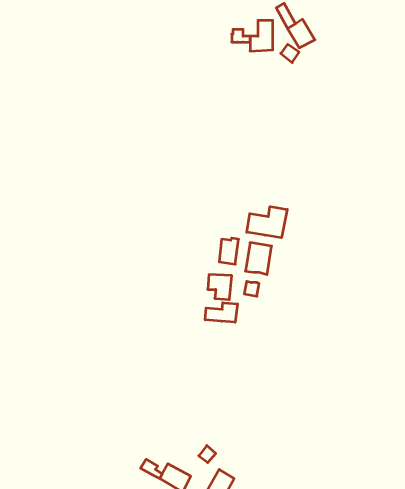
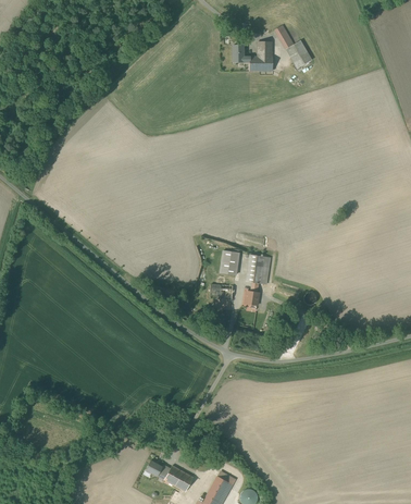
building: [247,207,287,238] -> none
building: [205,303,238,322] -> none

